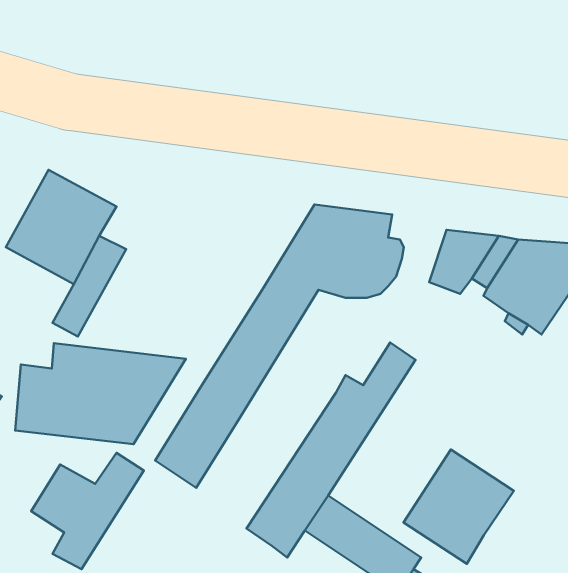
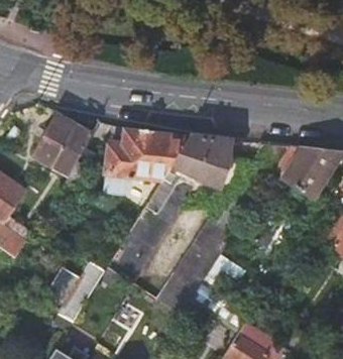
building: [15,343,186,444] -> [105,125,194,177]
building: [404,450,514,564] -> none

